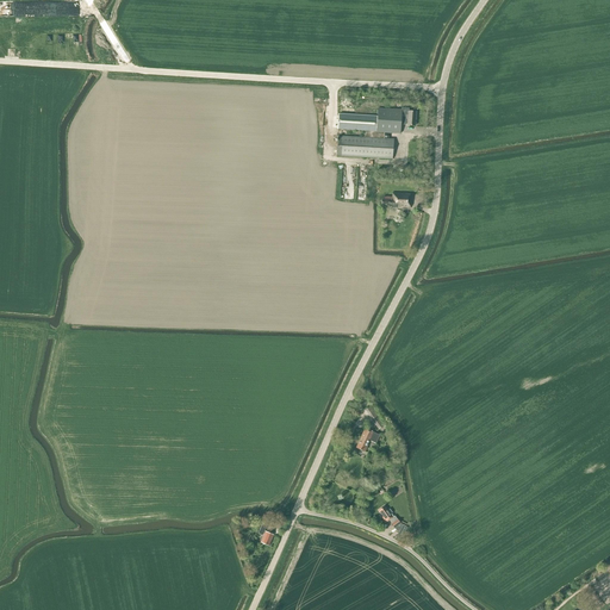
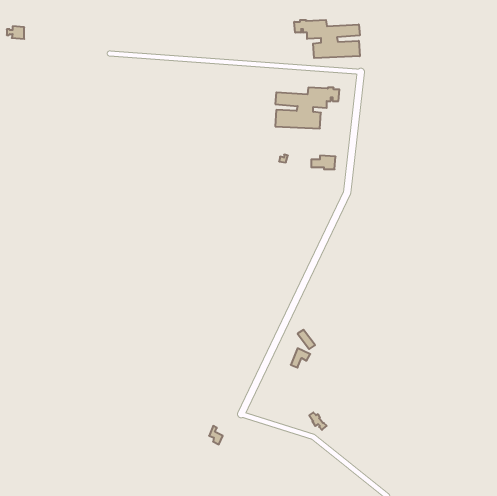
building: none -> [294,20,360,58]

